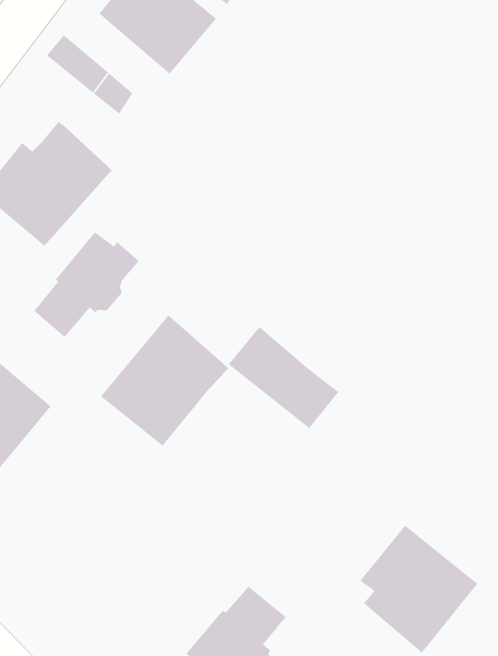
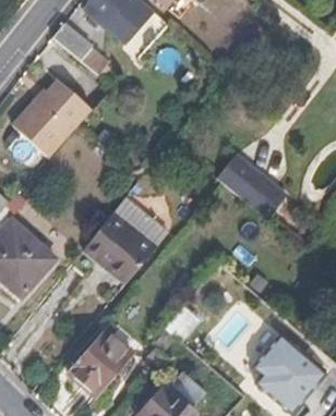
building: [33,232,140,338] -> none
building: [228,326,339,429] -> [218,157,288,221]
building: none -> [68,328,132,396]

